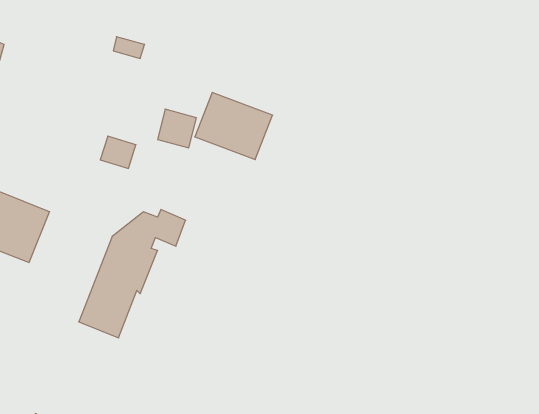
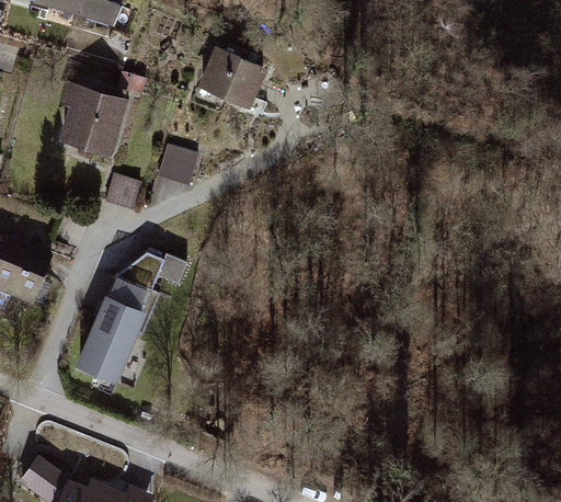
building: none -> [57,79,126,153]
building: [195,93,273,160] -> [193,44,272,112]

